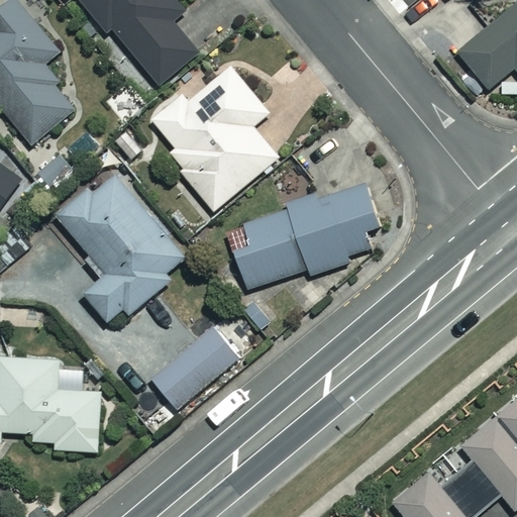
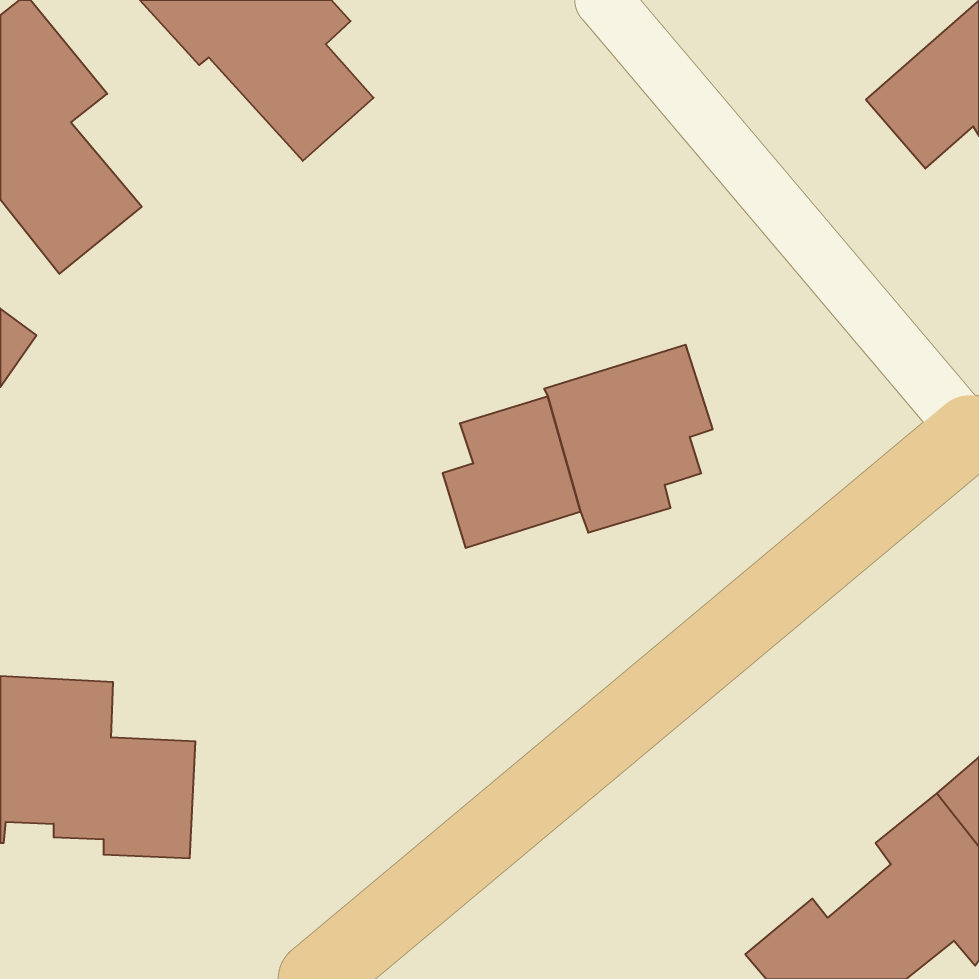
building: [151,68,277,210] -> none
building: [54,175,183,323] -> none
building: [149,326,238,410] -> none

